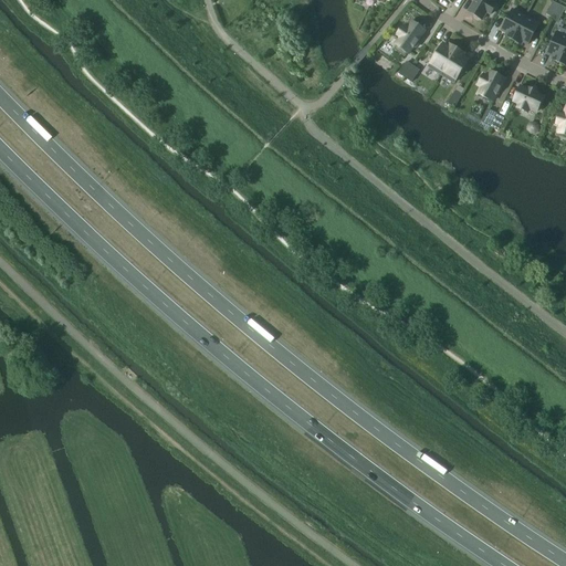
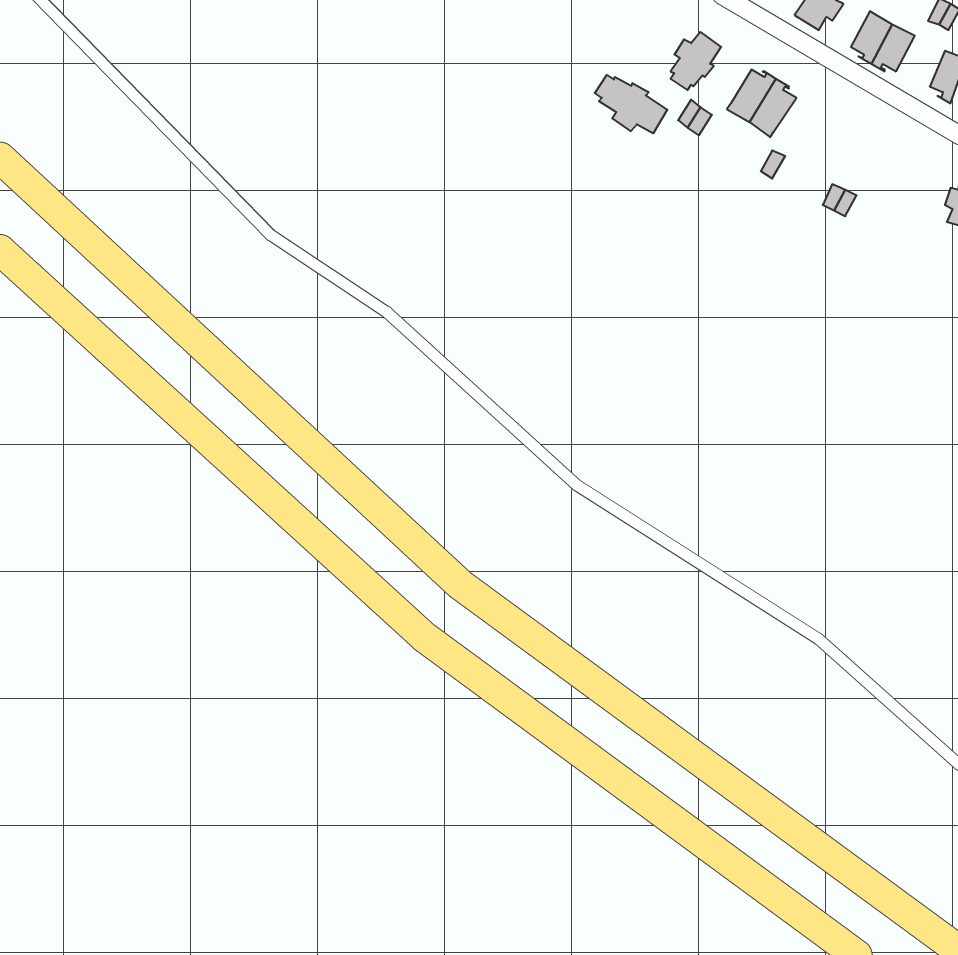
building: none -> [595,75,667,133]
building: [479,69,505,98] -> none
building: [514,83,545,109] -> none

